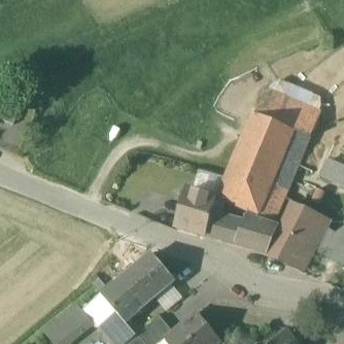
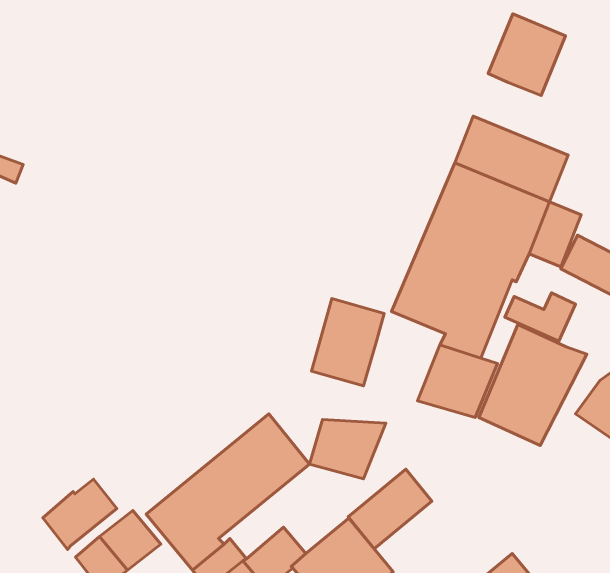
building: none -> [488,14,566,96]
building: [204,210,246,243] -> [310,419,386,479]
building: none -> [348,469,432,549]
building: none -> [43,479,117,550]

